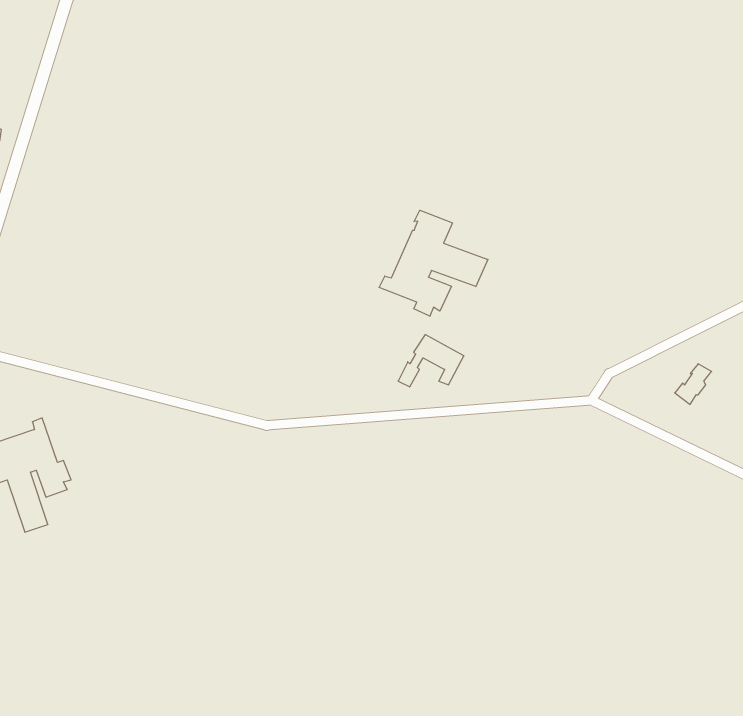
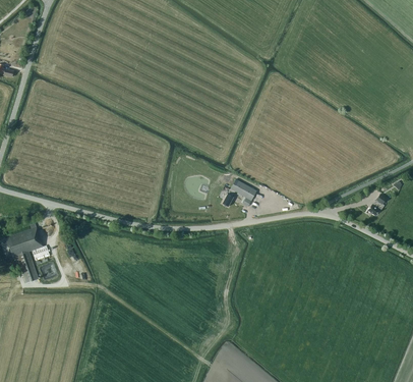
building: [379,210,488,316] -> none

